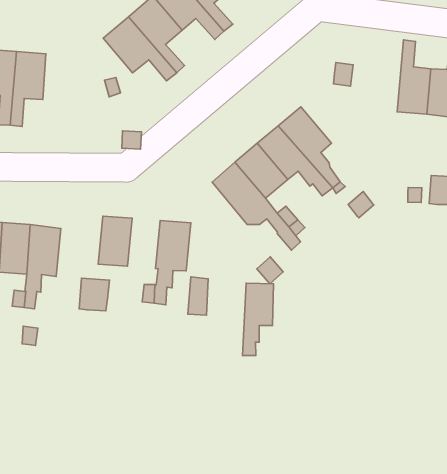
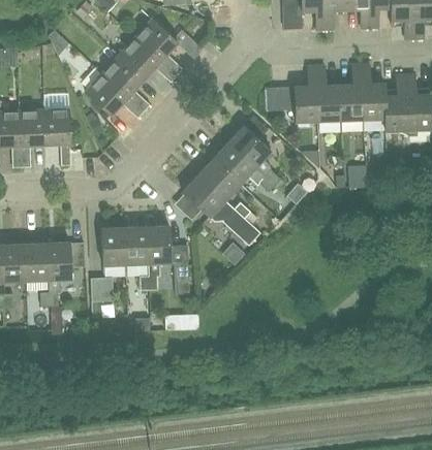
building: none -> [294,65,317,122]
building: none -> [42,108,70,166]
building: none -> [124,226,147,264]
building: [242,283,274,355] -> none

